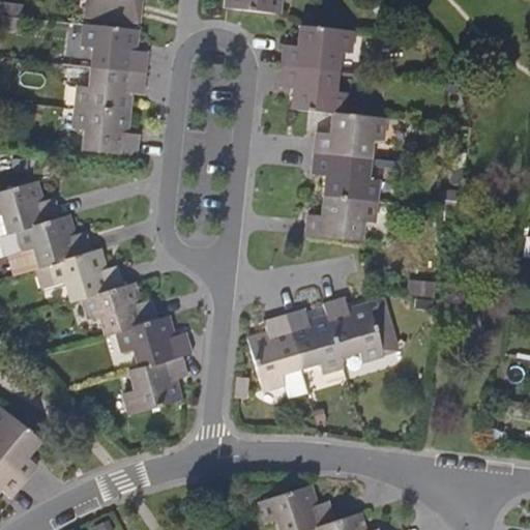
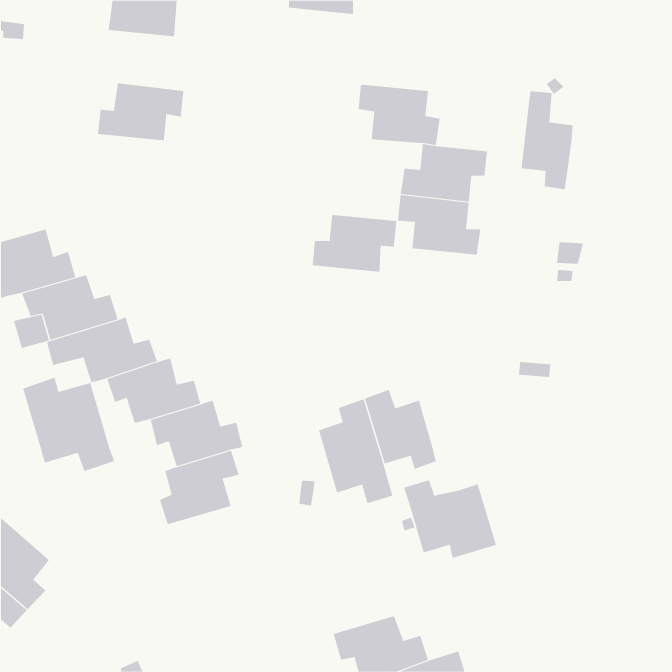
building: [84,24,147,71] -> none
building: [284,25,352,71] -> none
building: none -> [521,91,573,190]
building: [75,106,139,155] -> none
building: [308,196,376,241] -> [312,214,397,272]
building: [326,296,400,358] -> [403,480,497,558]
building: none -> [23,377,115,472]

